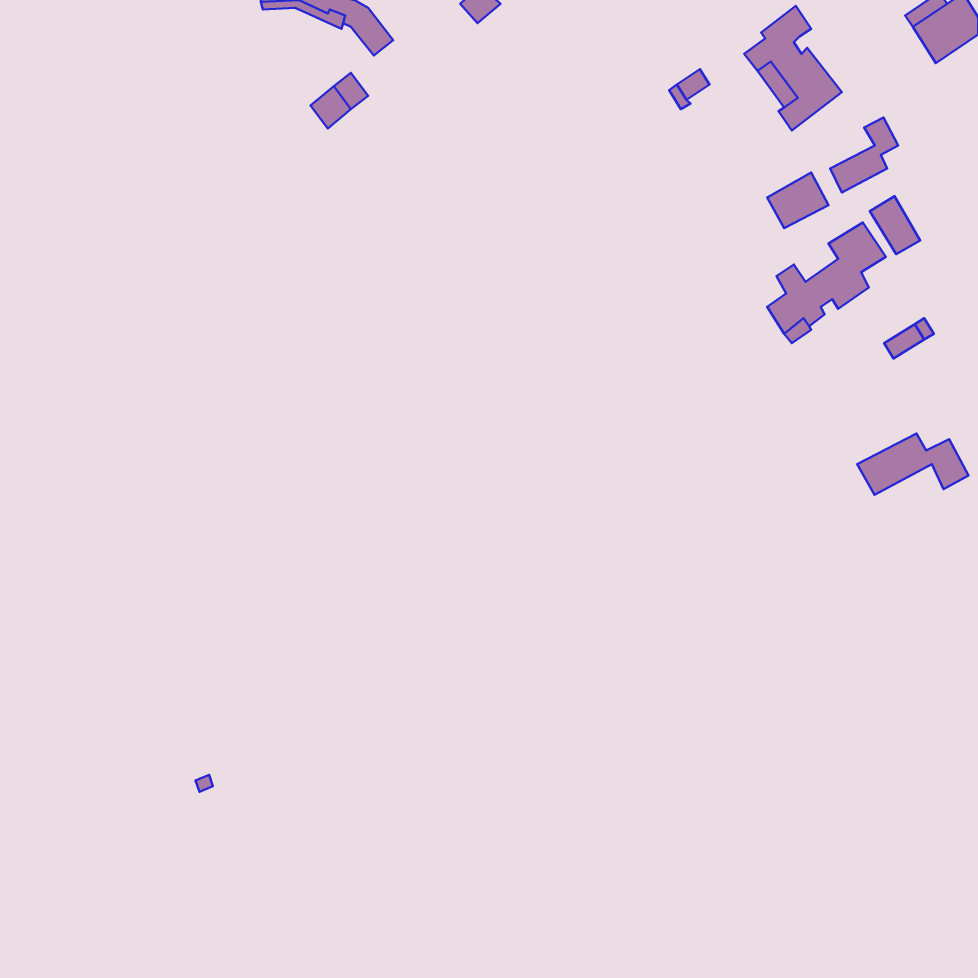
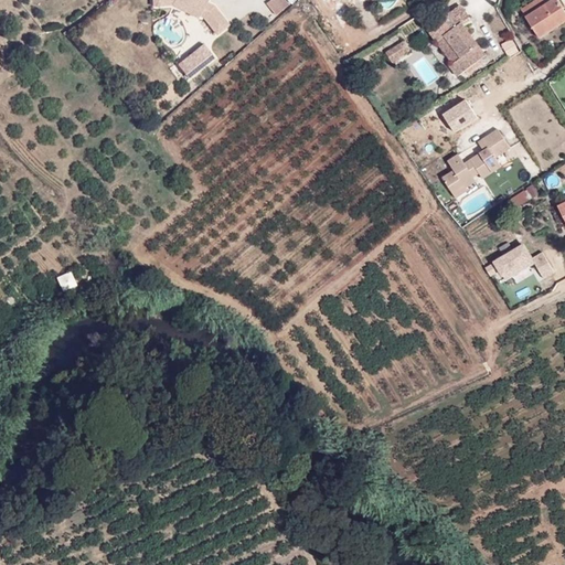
building: [830,117,898,193] -> none
building: [870,196,920,254] -> none

